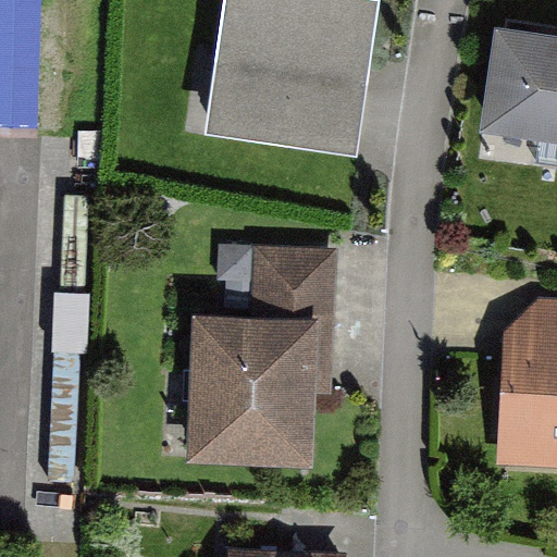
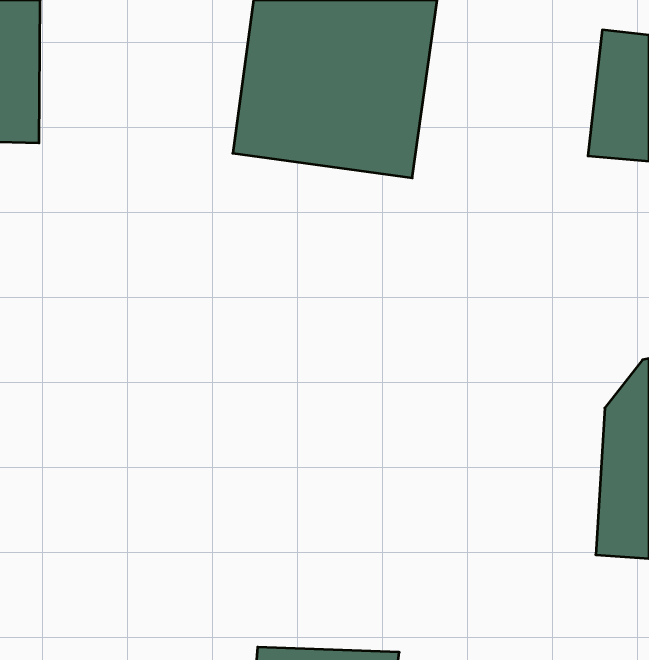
building: [200,250,333,461] -> none

